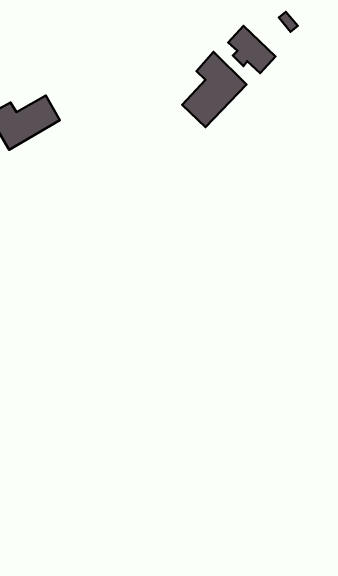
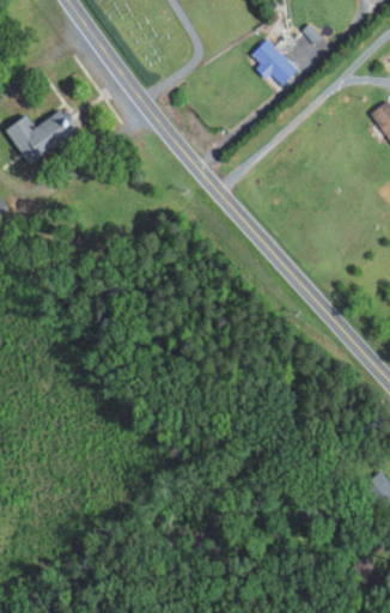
building: [182,52,246,127] -> none

